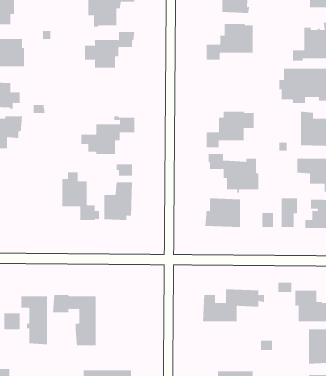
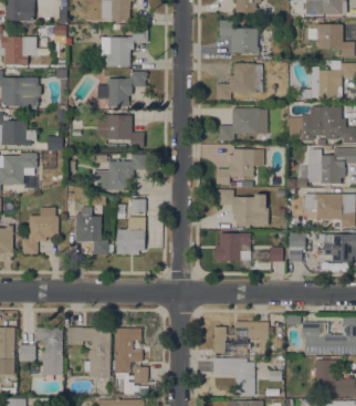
building: none -> [218,107,266,140]
building: none -> [96,114,144,147]
building: none -> [22,207,59,253]
building: none -> [114,327,148,396]
building: none -> [212,357,254,396]

